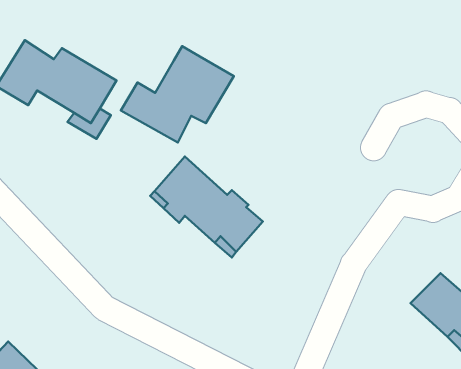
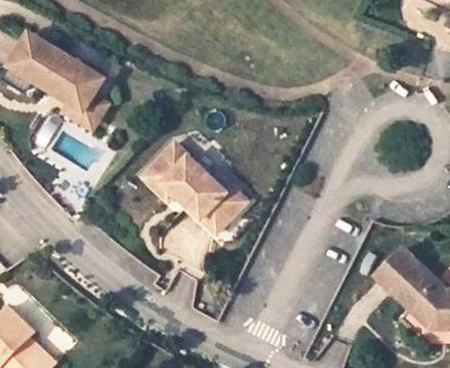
building: [121,46,234,142] -> none

